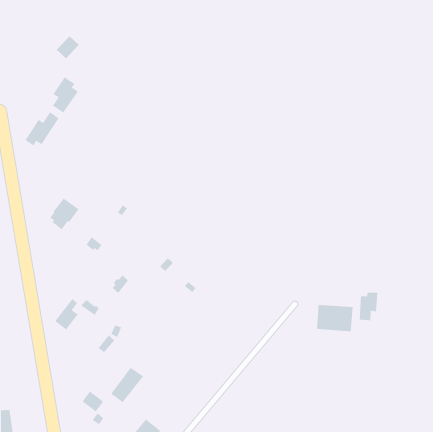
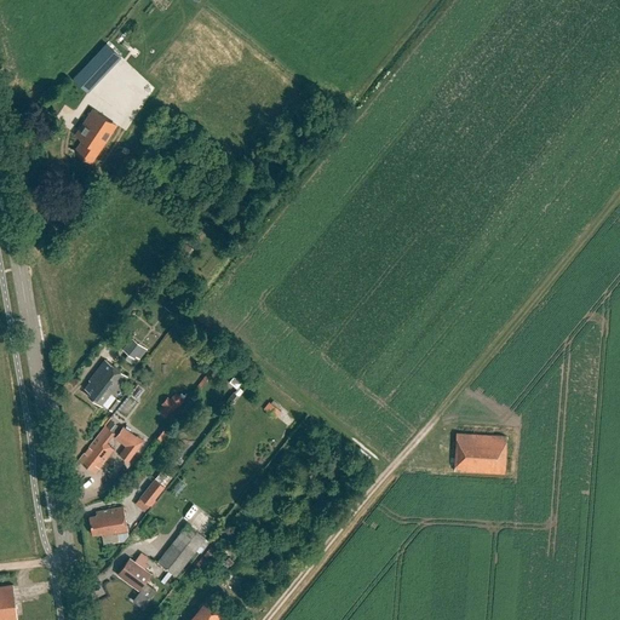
building: [24,111,59,146] -> none
building: [49,197,80,231] -> [84,361,127,408]
building: [359,292,378,321] -> none
building: none -> [88,507,127,535]

